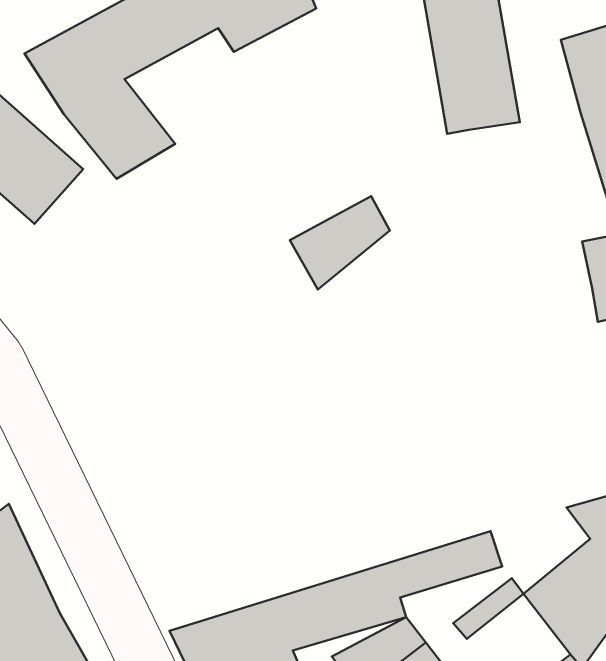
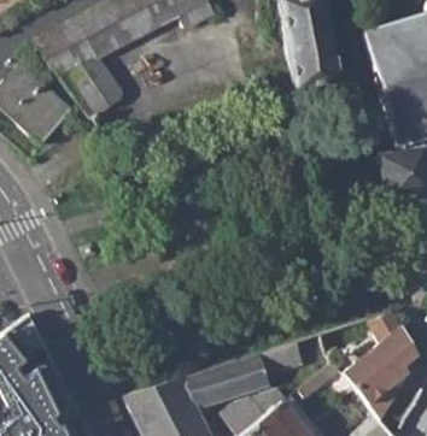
building: [290,196,390,289] -> none

